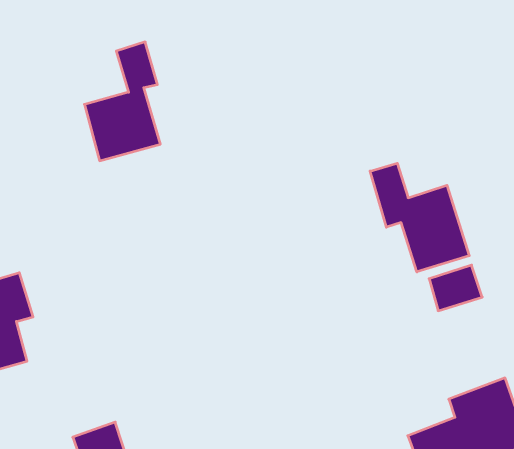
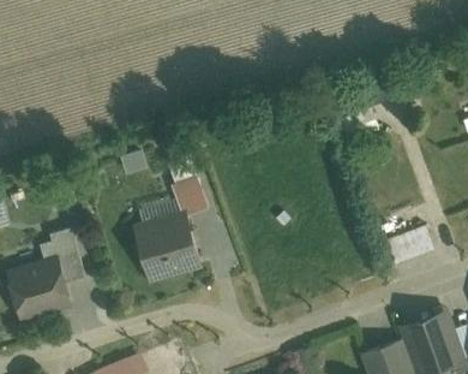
building: [84,42,160,161] -> [134,185,194,279]
building: [370,163,469,272] -> none

